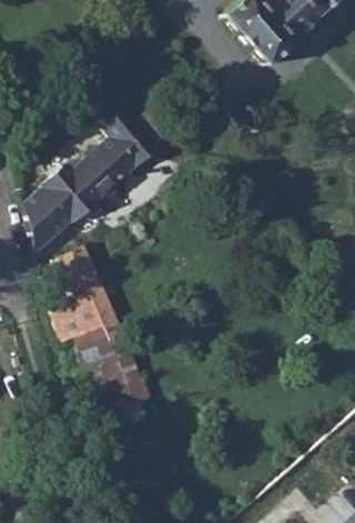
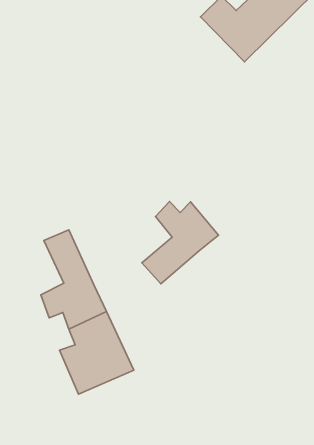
building: [21,111,155,250] -> none
building: none -> [142,201,218,284]

